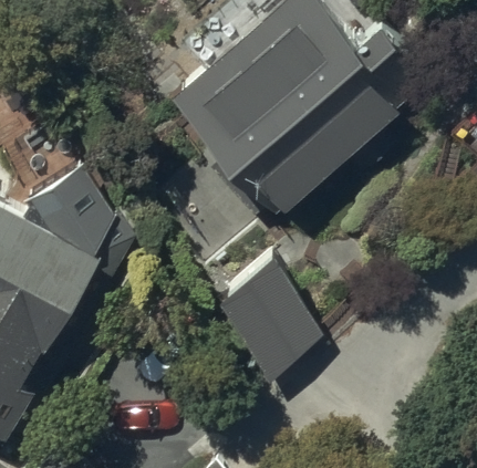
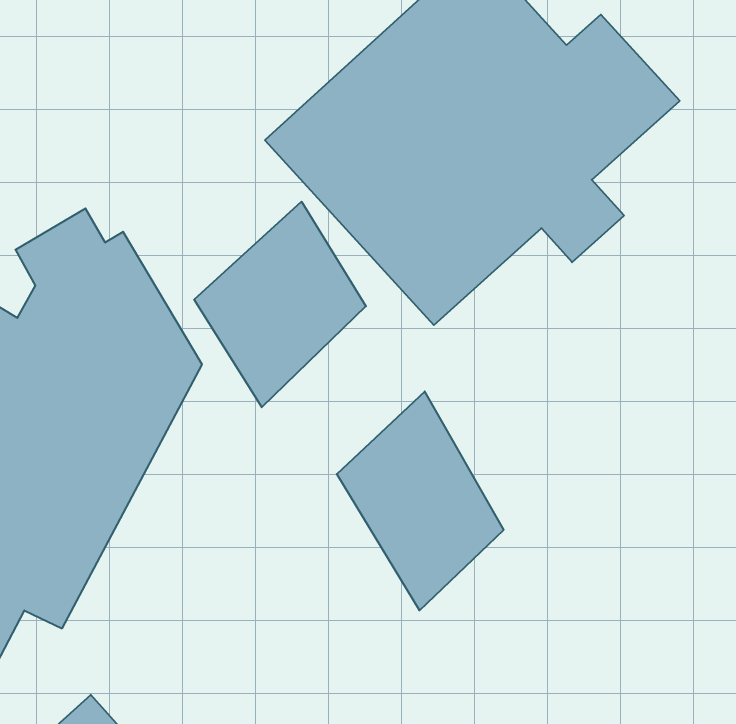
building: none -> [194,202,366,407]

